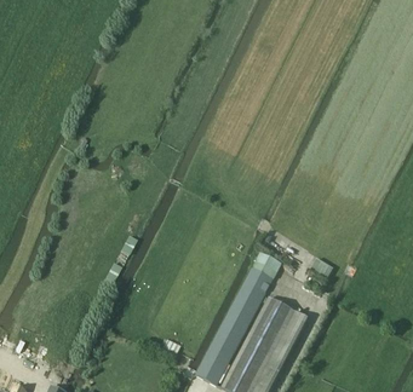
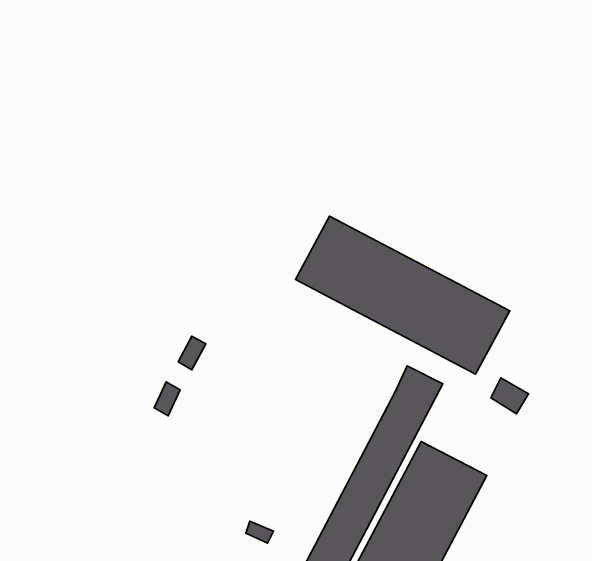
building: none -> [295,216,510,374]

